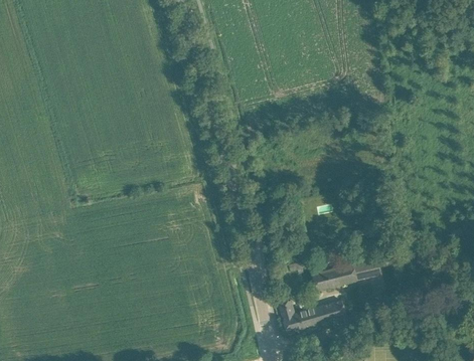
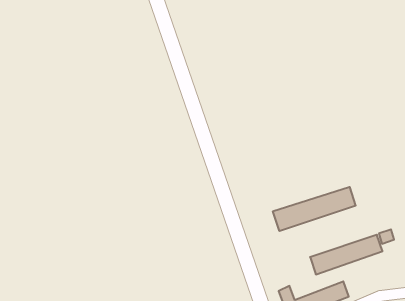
building: none -> [273,187,356,231]

